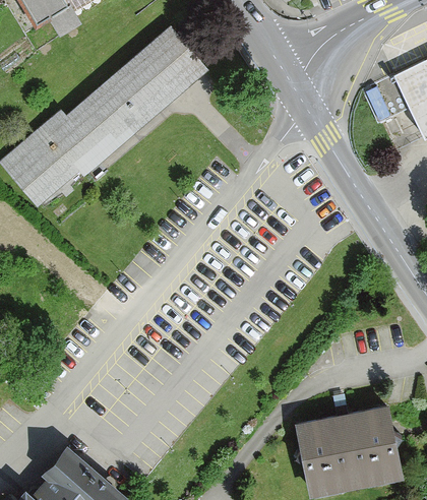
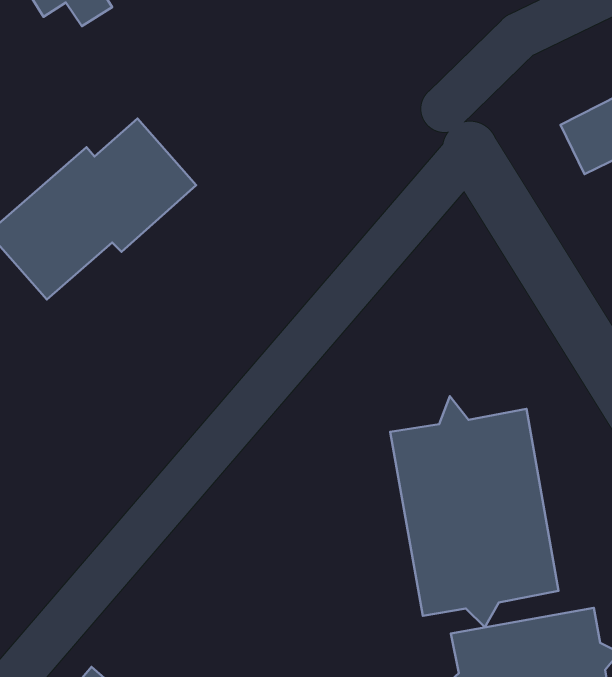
building: [96,26,208,134] -> none
building: none -> [390,396,559,627]

